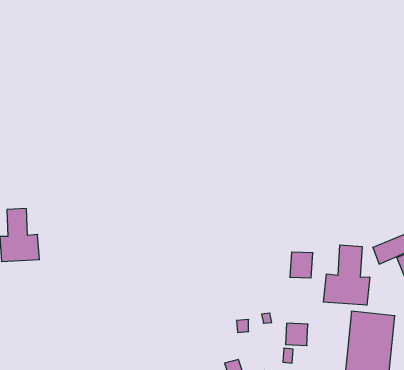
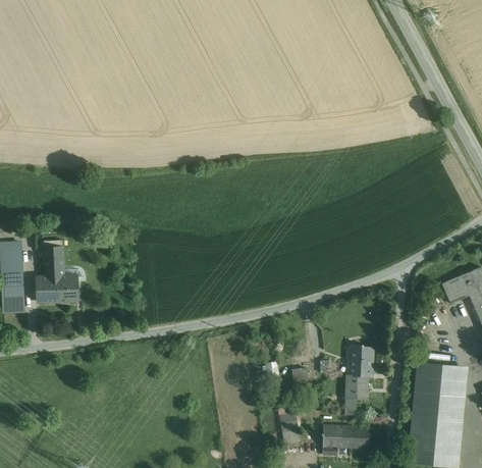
building: [324,245,370,305] -> none
building: [290,252,313,278] -> [349,345,374,373]

